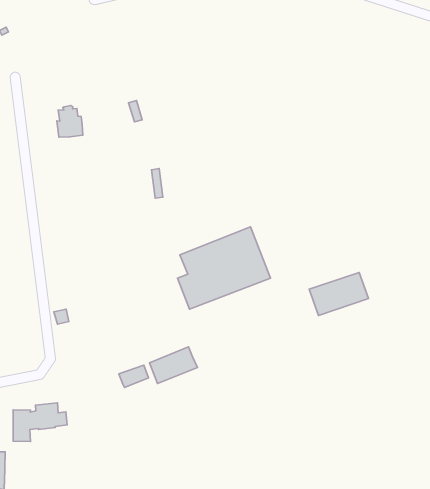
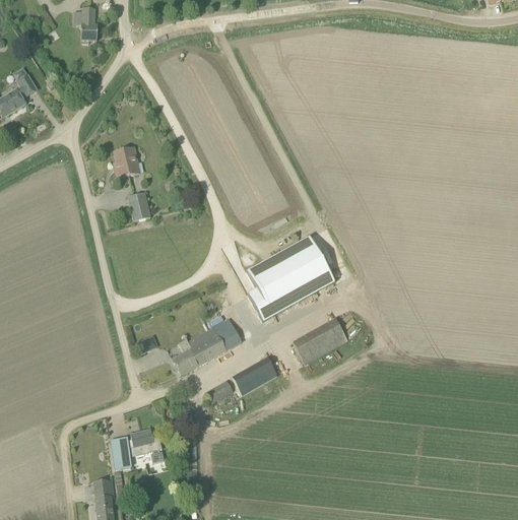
building: none -> [128,192,151,221]
building: [309,272,368,315] -> [290,318,347,364]
building: none -> [173,323,242,375]

